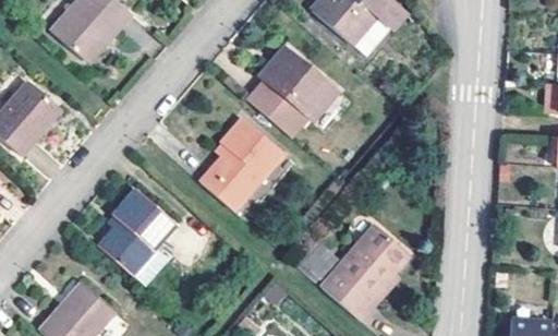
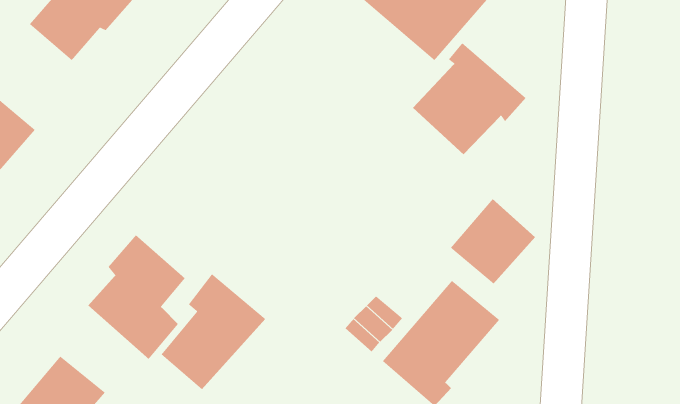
building: [247,46,335,132] -> [412,42,526,155]
building: [202,117,282,206] -> [161,273,266,390]
building: none -> [450,198,536,284]

